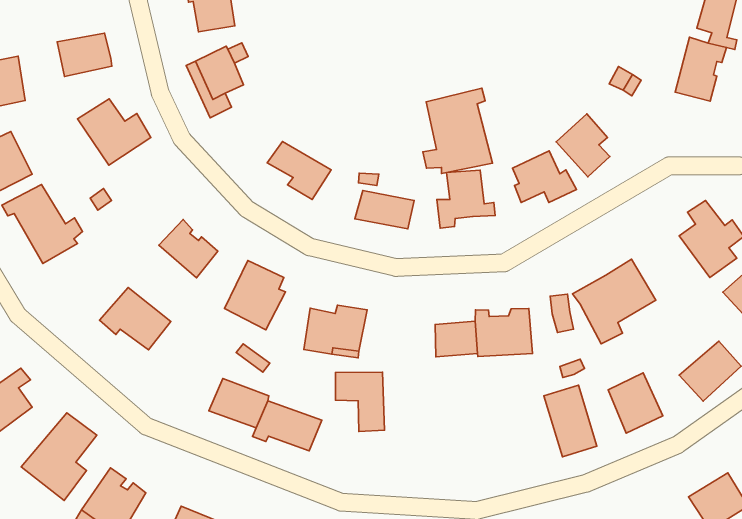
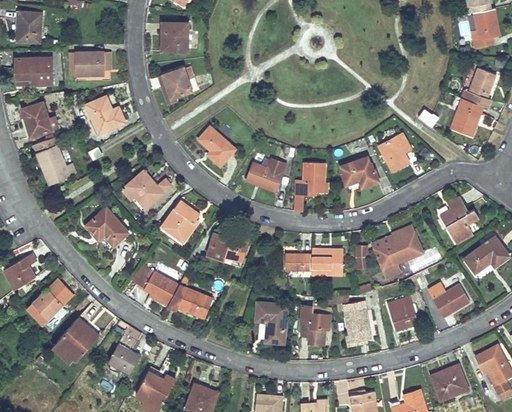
building: [423,88,492,174] -> none
building: [336,372,384,431] -> [255,306,286,345]
building: none -> [300,307,334,347]

